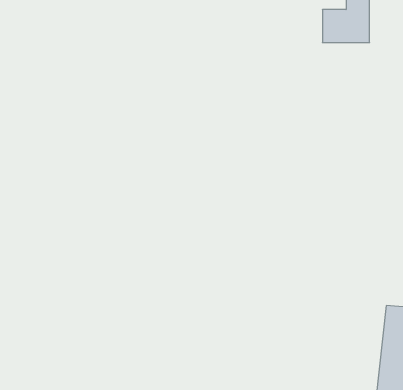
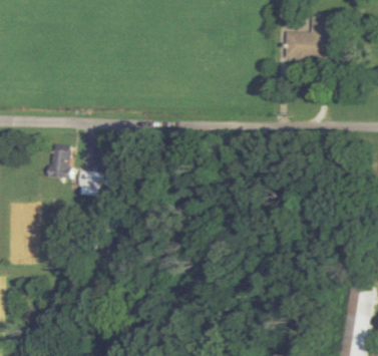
building: none -> [51,145,68,176]
building: none -> [78,170,99,196]

